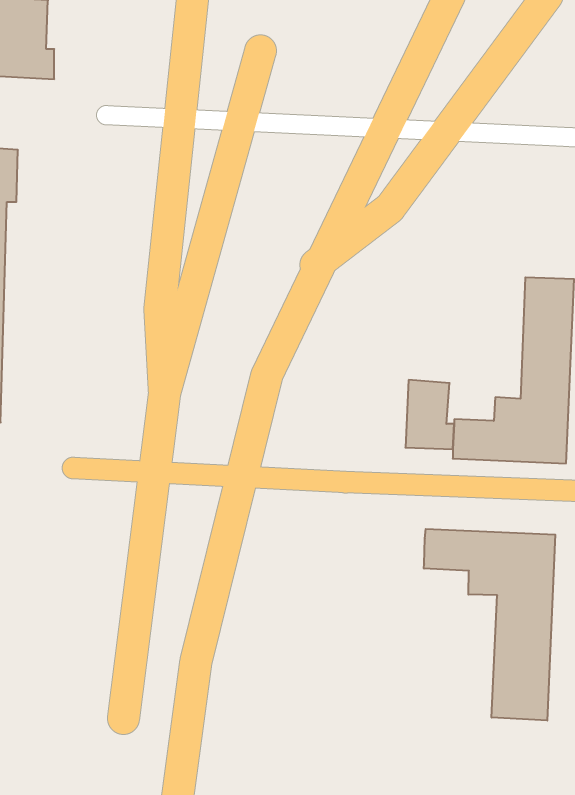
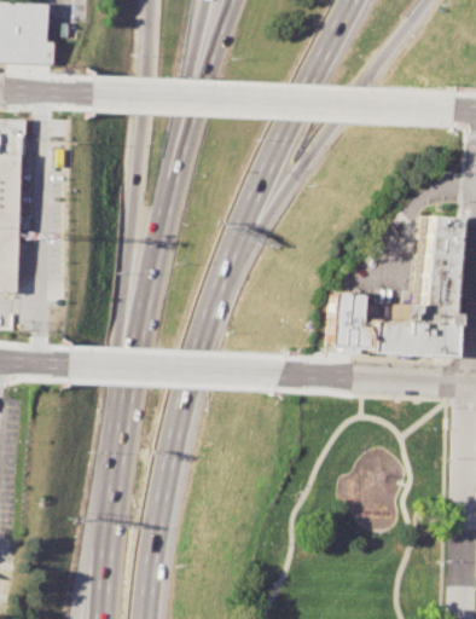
building: [424,529,555,721] -> none

